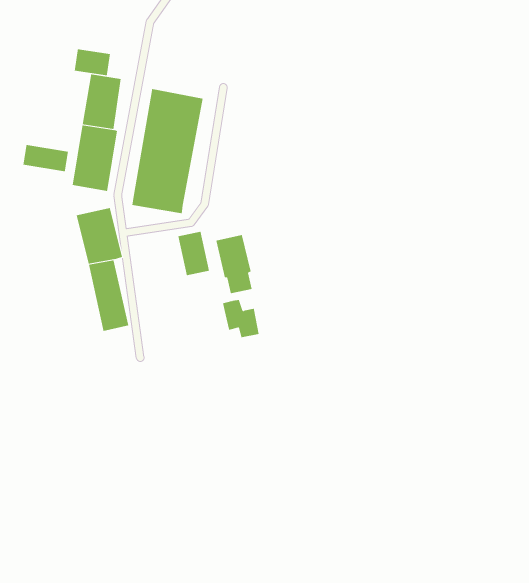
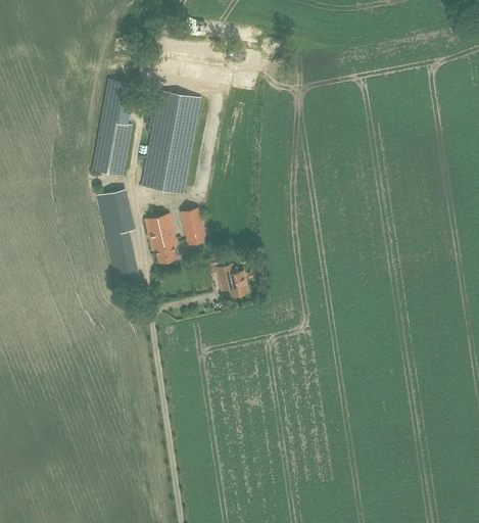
building: [74,48,111,76] -> none
building: [23,144,68,172] -> none
building: [215,234,253,294] -> [146,215,177,264]

